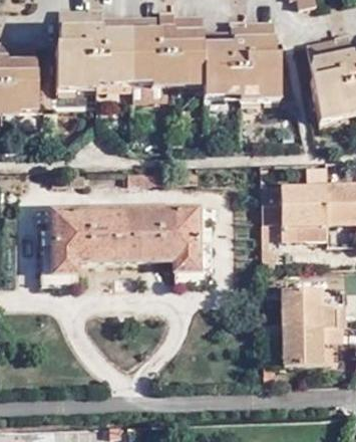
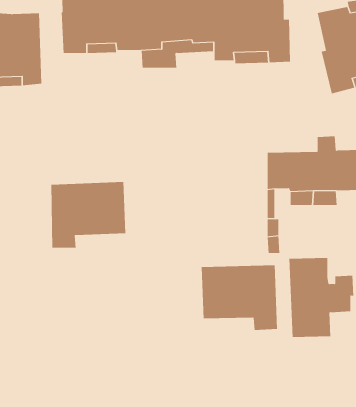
building: [121,209,196,272] -> [201,265,278,330]

